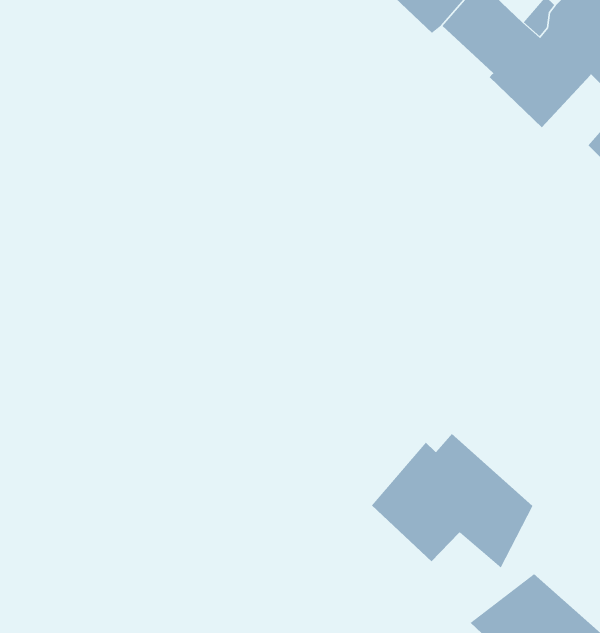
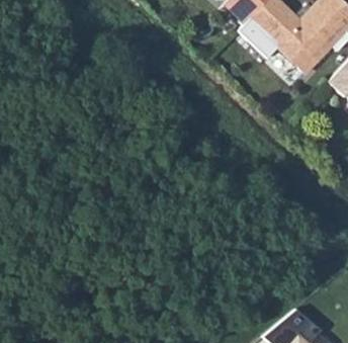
building: [371,433,533,569] -> none

